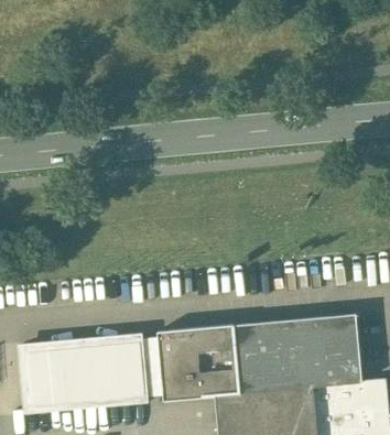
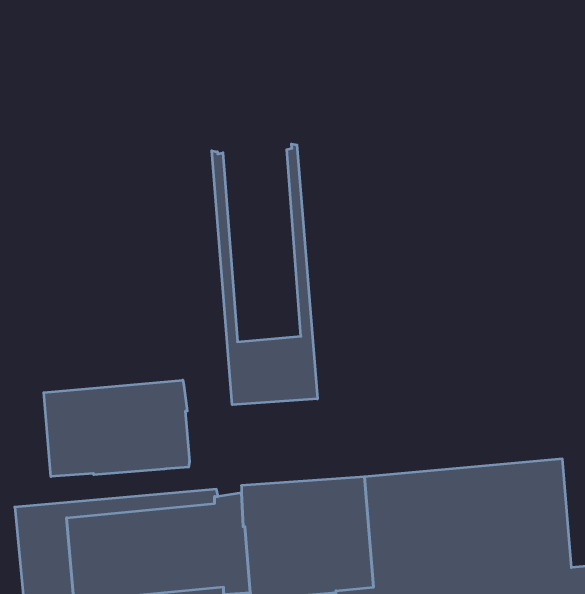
building: none -> [212,144,317,405]
building: none -> [44,380,189,477]

